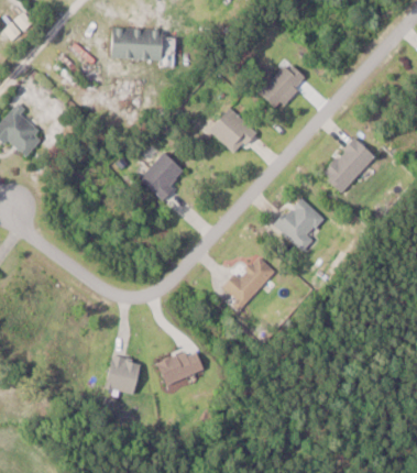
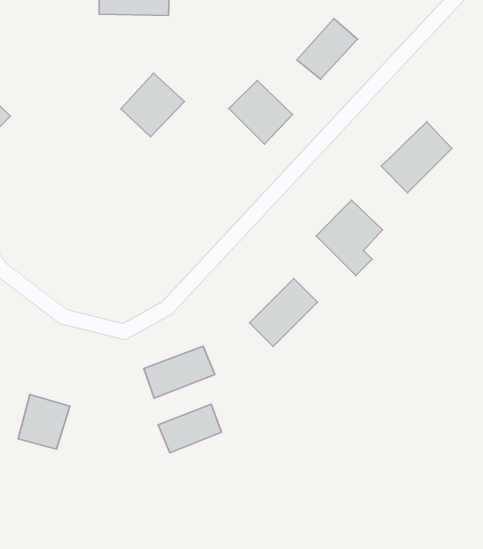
building: [140,152,187,199] -> [121,73,184,137]
building: none -> [144,346,215,398]
building: [105,355,143,396] -> [18,394,70,449]

